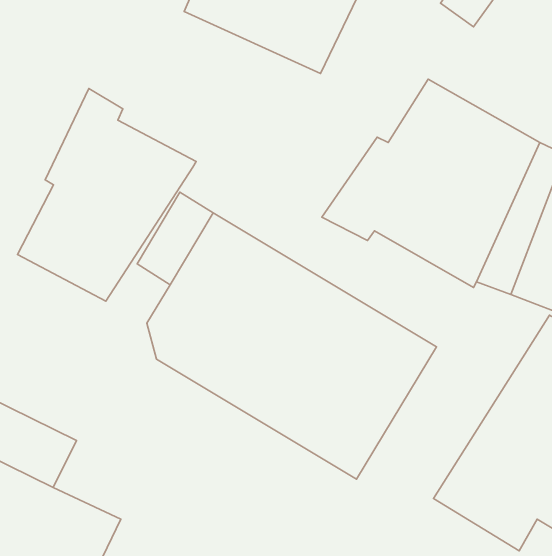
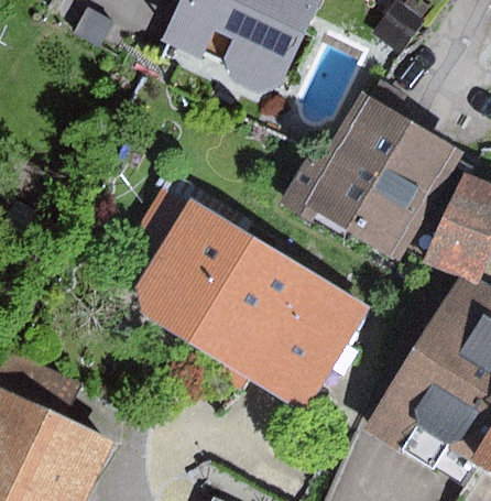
building: [18,89,196,301] -> none

